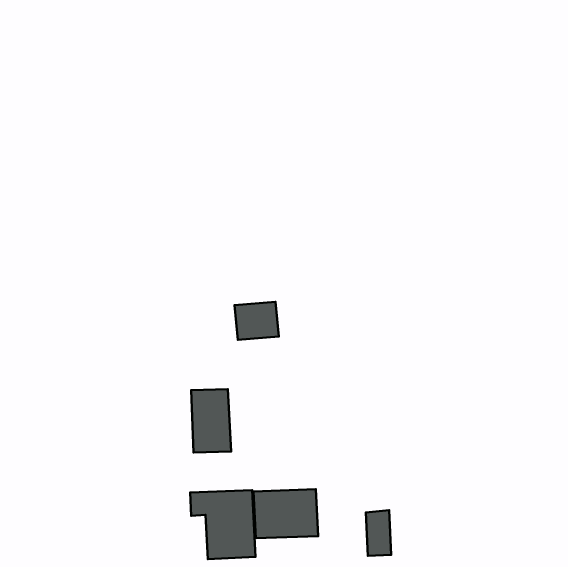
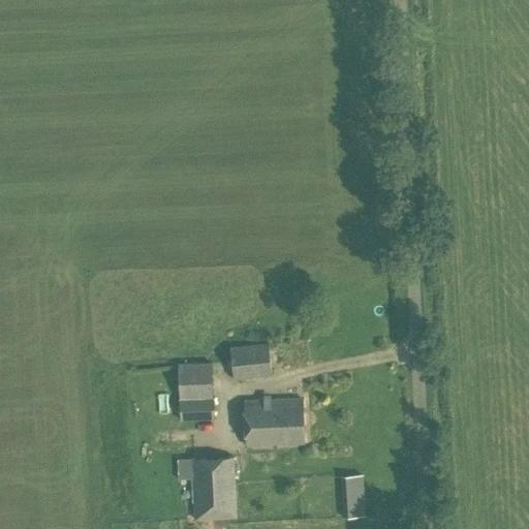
building: [234,302,279,340] -> [230,344,272,379]
building: [254,489,318,538] -> [244,400,304,445]

